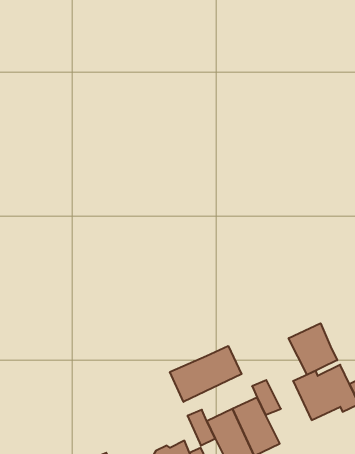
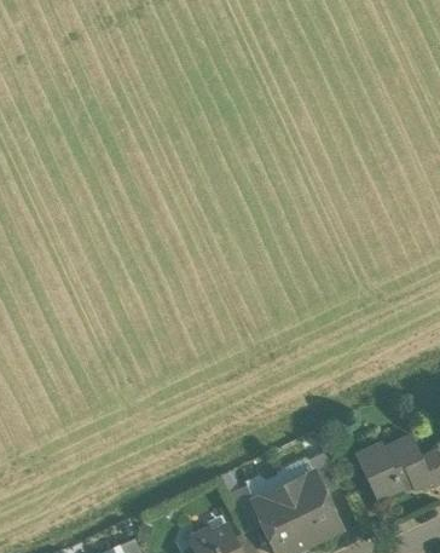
building: [289,323,337,375] -> none
building: [170,346,242,402] -> none

